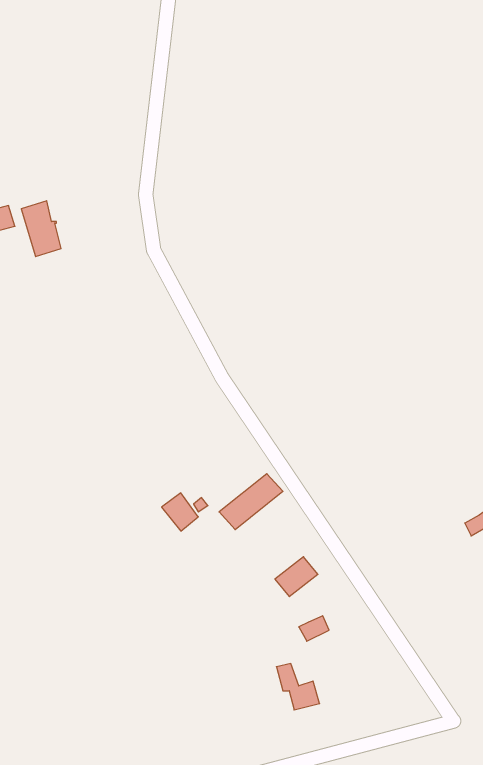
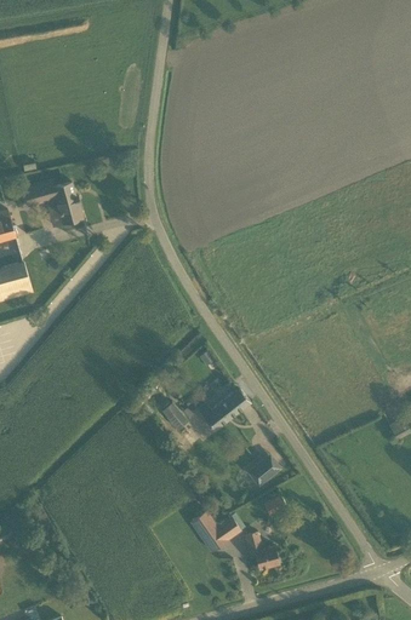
building: none -> [190,510,241,551]

